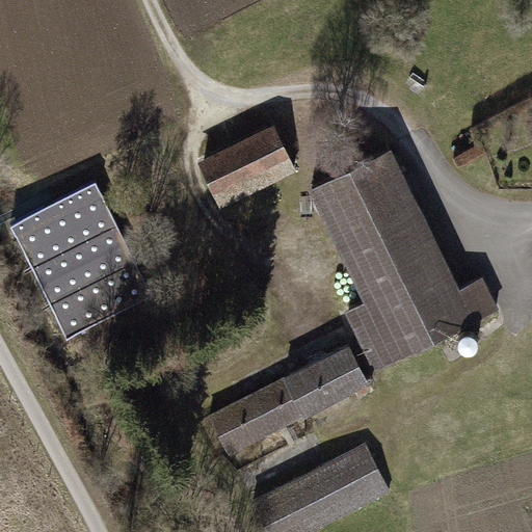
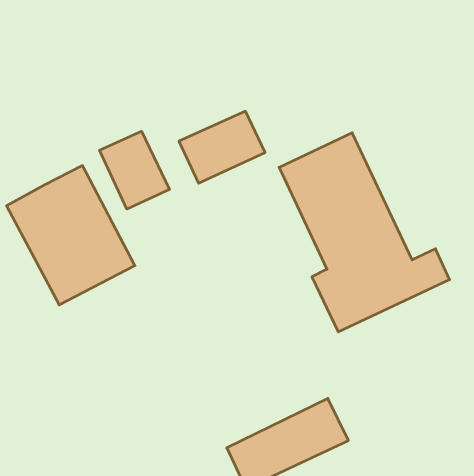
building: none -> [100,131,170,209]
building: [209,345,368,455] -> none

